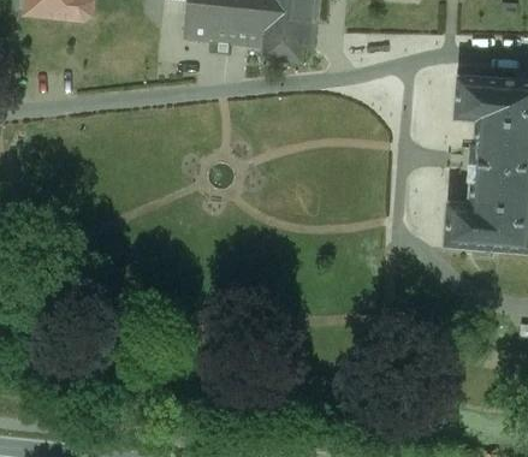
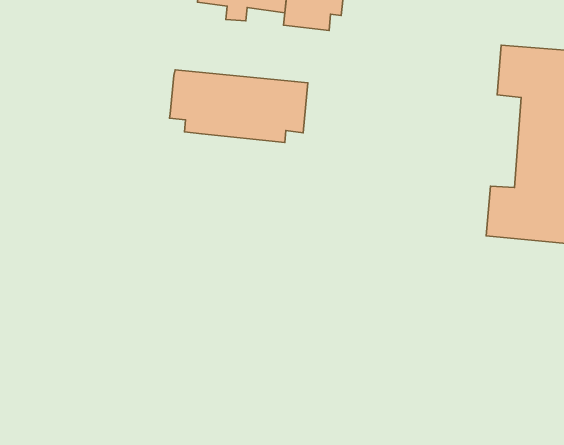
building: none -> [169,70,308,142]

